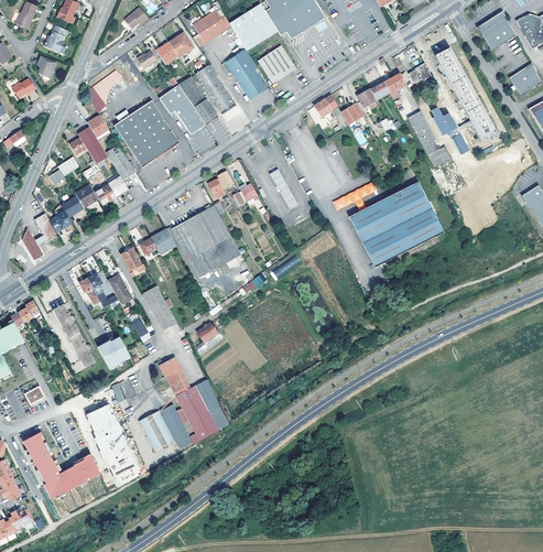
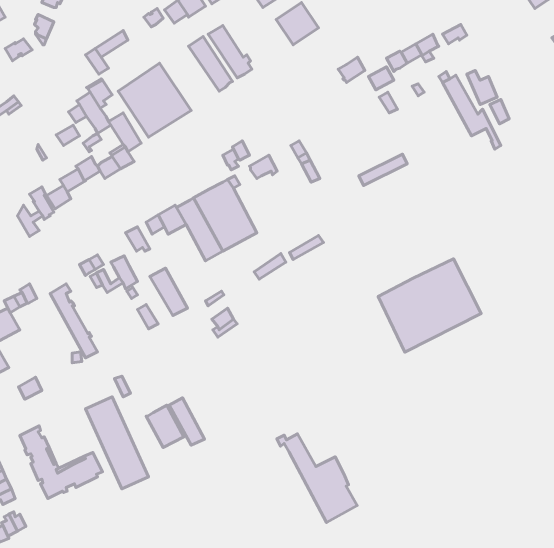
building: [435,48,499,143] -> none
building: [220,50,265,100] -> none
building: [158,85,205,136] -> none
building: [349,183,443,268] -> [378,259,481,352]
building: [98,338,130,370] -> none
building: [154,359,227,440] -> [277,434,357,522]

